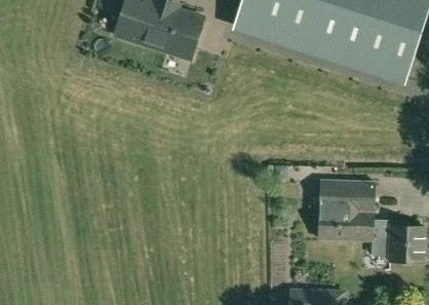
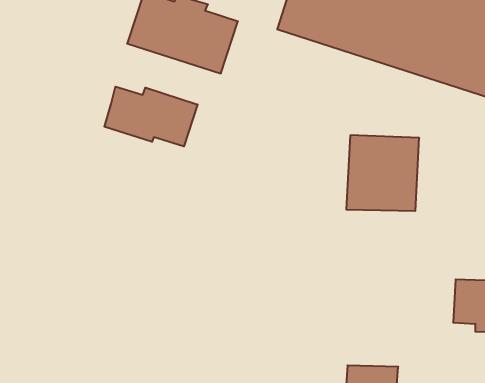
building: none -> [104,87,198,146]
building: [318,181,376,240] -> [346,135,419,211]

